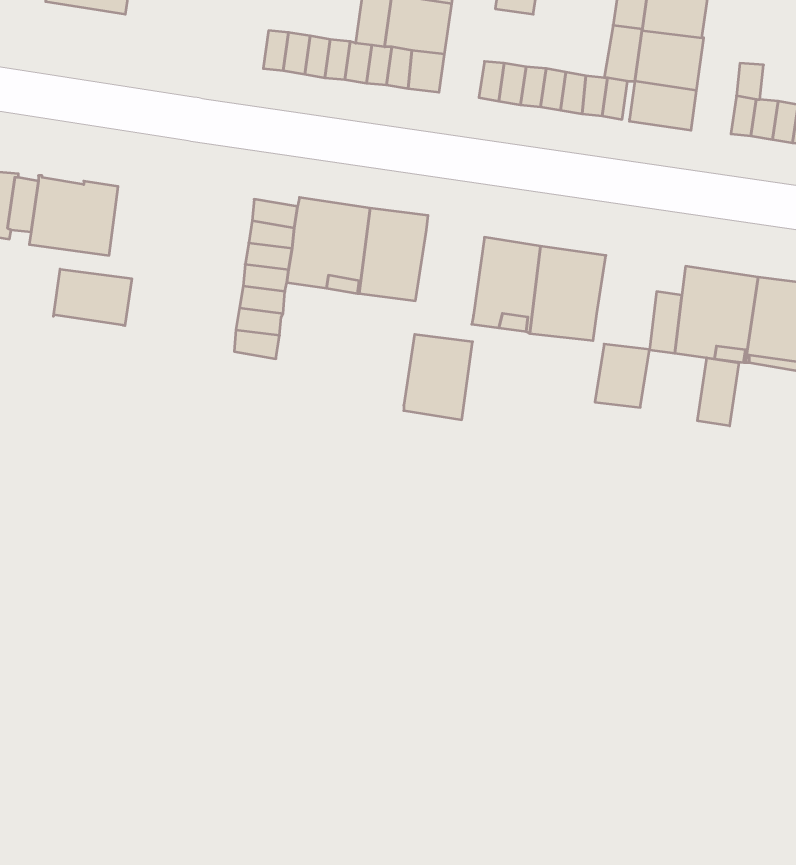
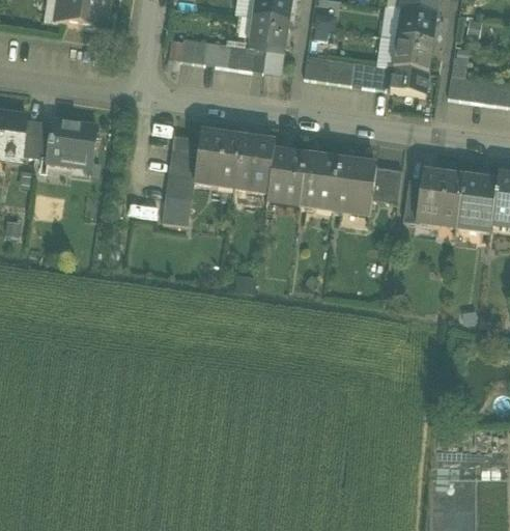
building: [53,269,132,326] -> none
building: [404,334,473,420] -> [267,151,307,200]
building: [595,344,649,407] -> [371,166,402,202]
building: [697,358,739,426] -> none

